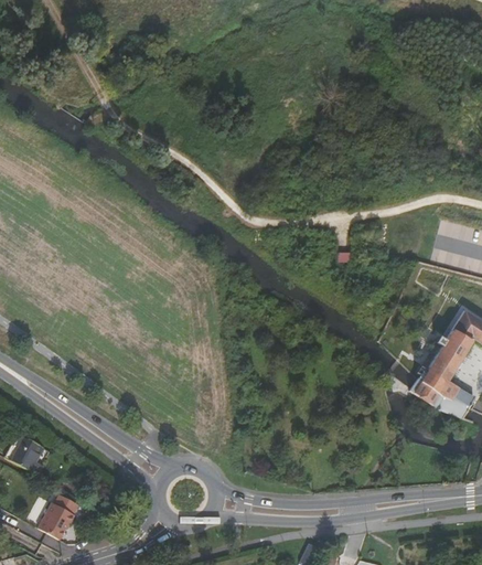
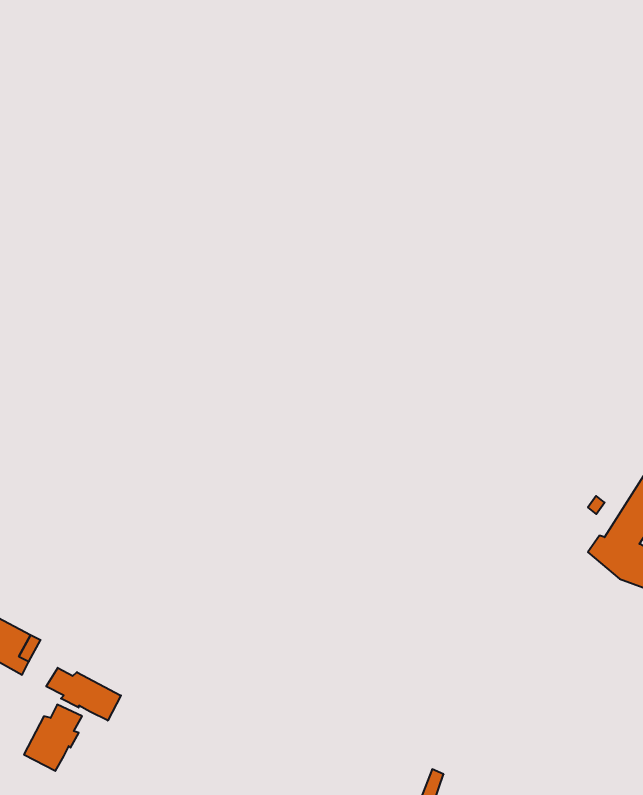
building: none -> [46,668,121,721]

